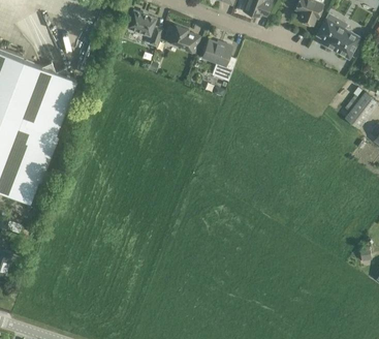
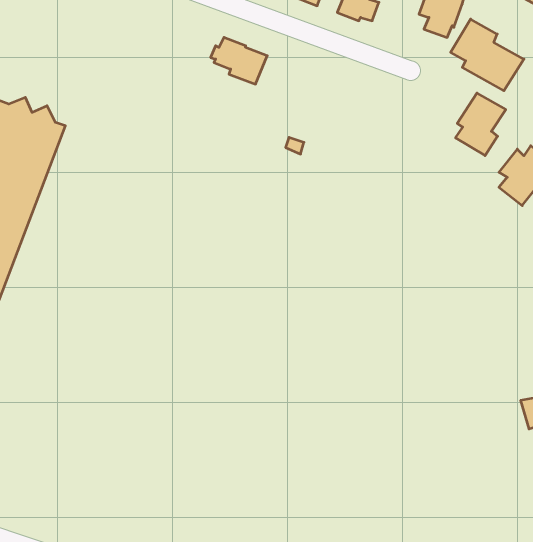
building: [126,9,162,47] -> none
building: [201,40,235,81] -> none
building: none -> [456,93,506,156]

